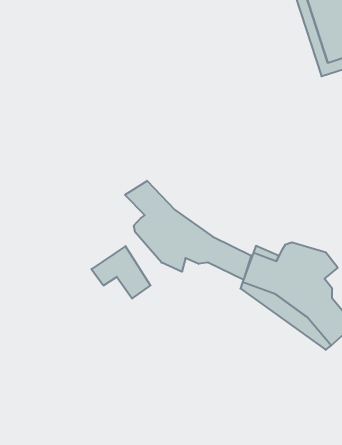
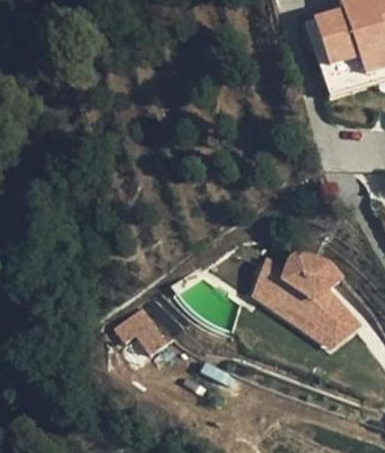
building: [125,181,251,280] -> none
building: [91,246,151,299] -> [114,304,168,352]

